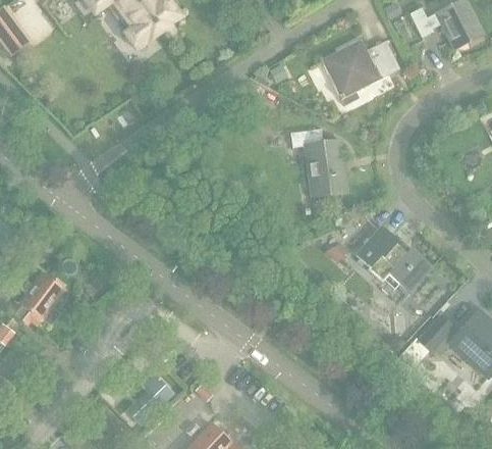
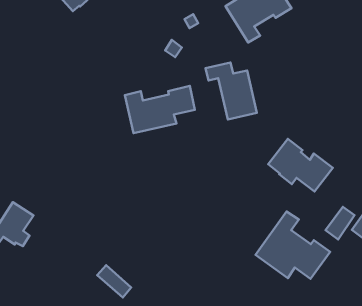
building: none -> [125,86,195,133]
building: none -> [255,211,330,279]

